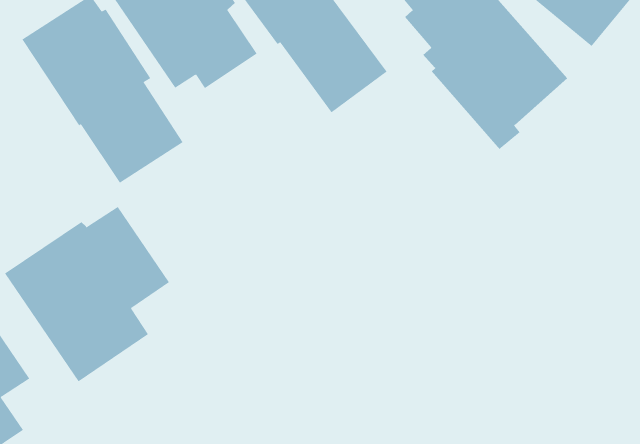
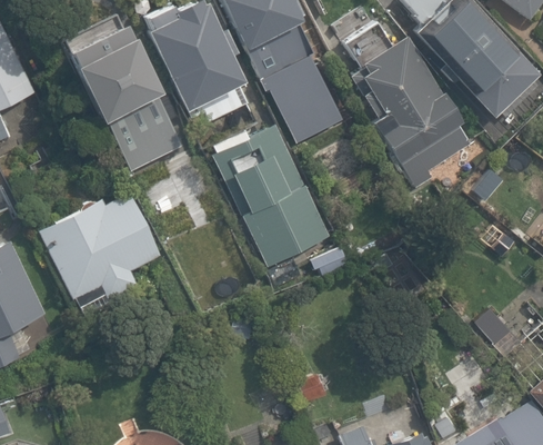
building: none -> [211,120,329,263]

